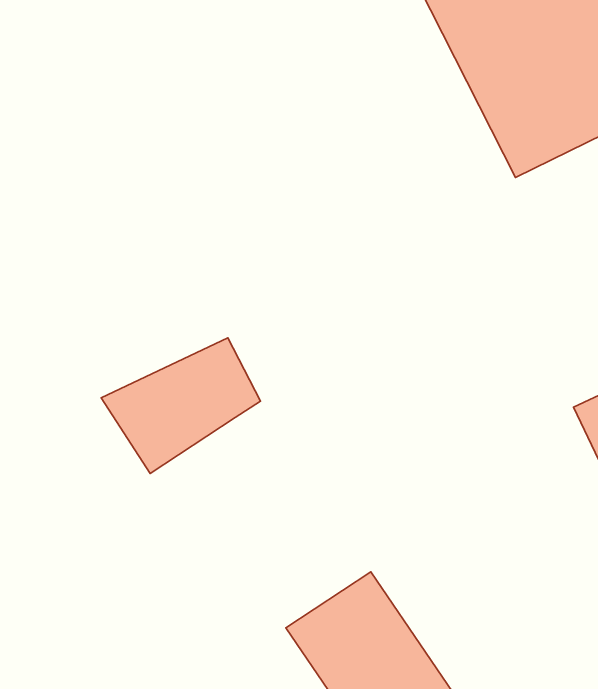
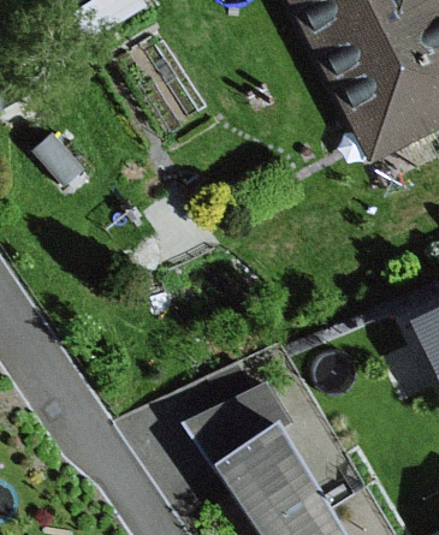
building: [101,338,261,474] -> [185,378,291,468]

